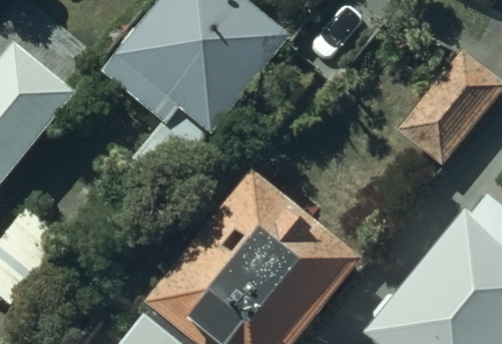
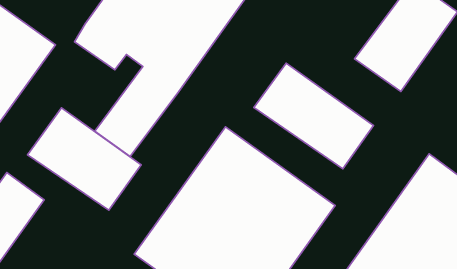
building: none -> [254,63,374,169]
building: none -> [27,108,141,210]

